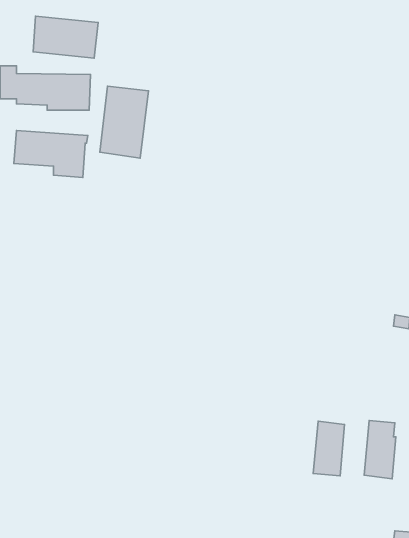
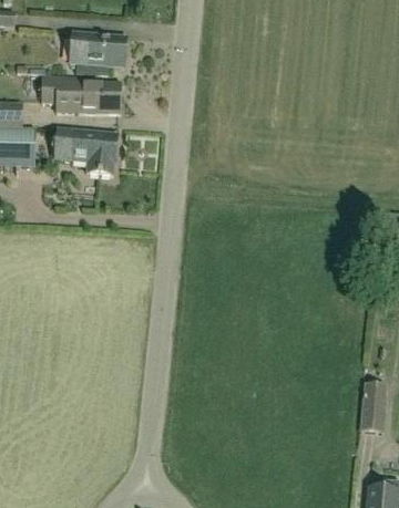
building: [100,86,148,158] -> none
building: [313,421,345,476] -> none

